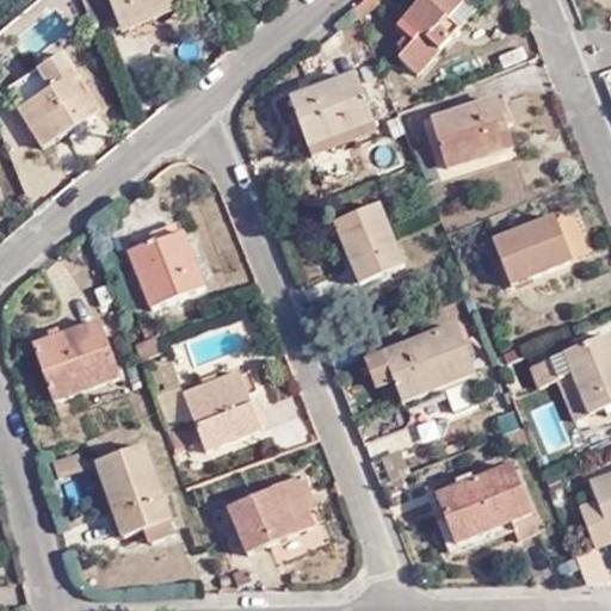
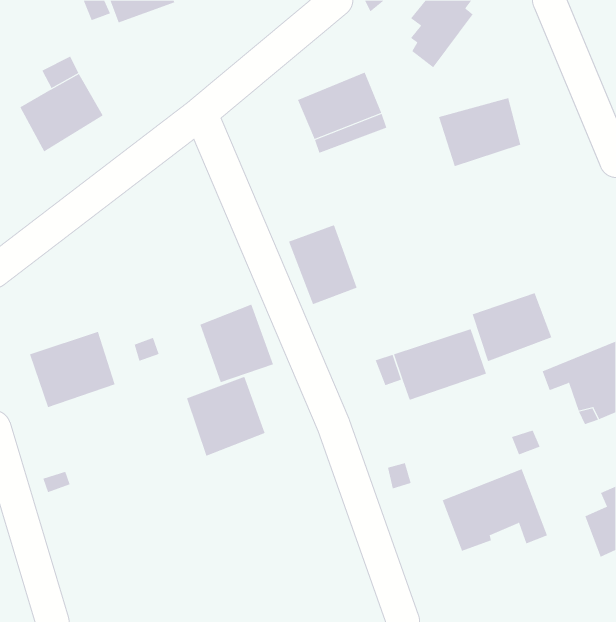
building: [335,189,403,267] -> [288,224,358,305]
building: [493,214,572,282] -> [472,292,552,362]
building: [131,221,204,298] -> [200,304,274,383]
building: [88,448,169,544] -> none
building: [232,473,317,554] -> none

